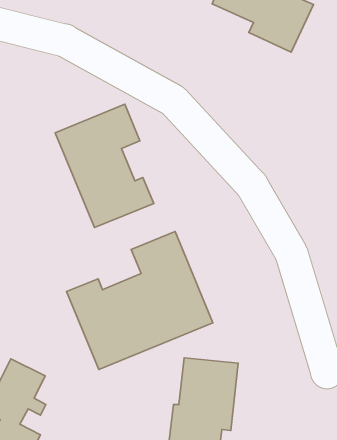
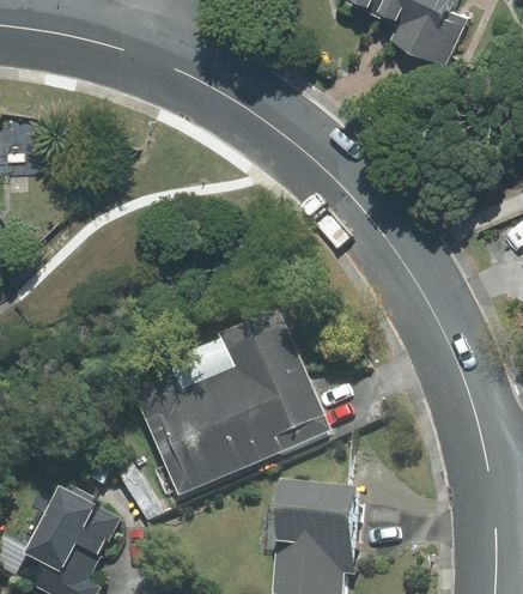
building: [55,104,154,228] -> none

